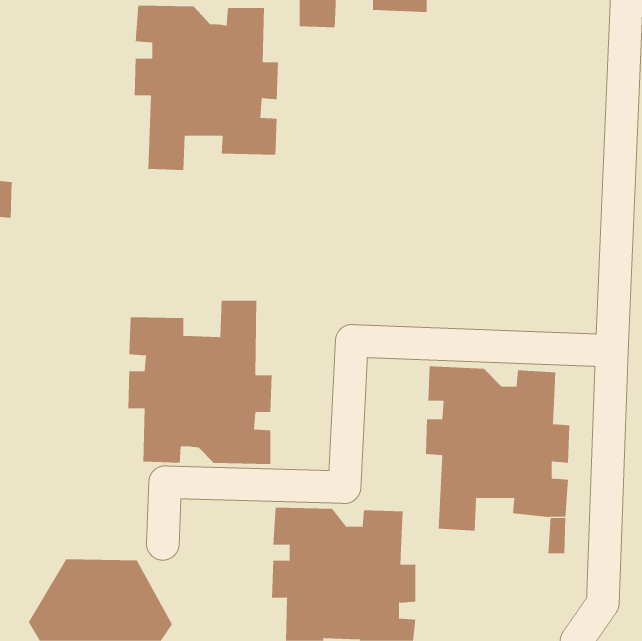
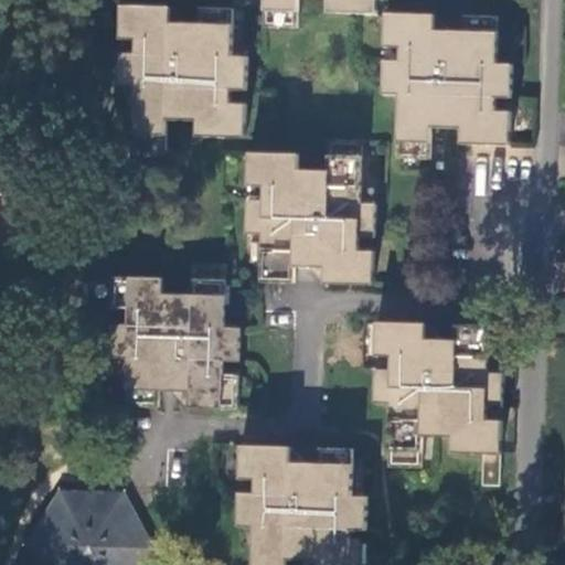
building: none -> [382,11,510,156]
building: none -> [247,139,374,282]

